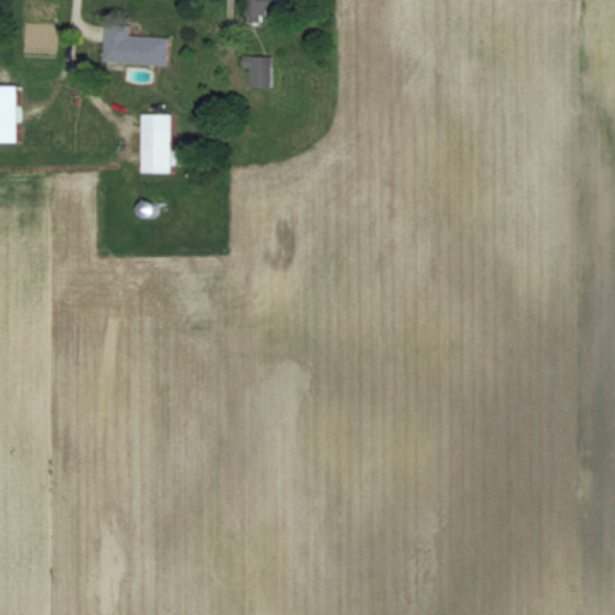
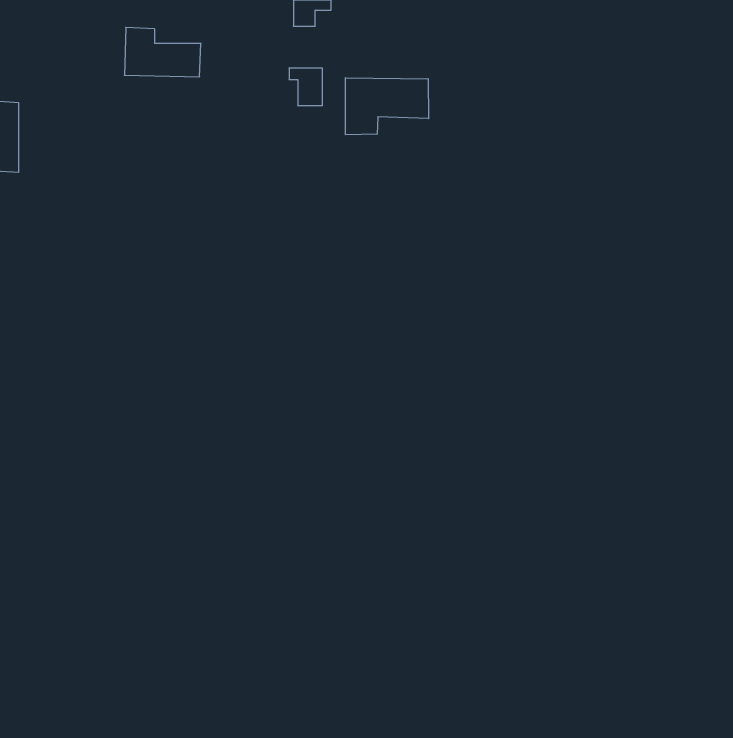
building: none -> [345,78,429,135]
building: [139,114,169,174] -> none

